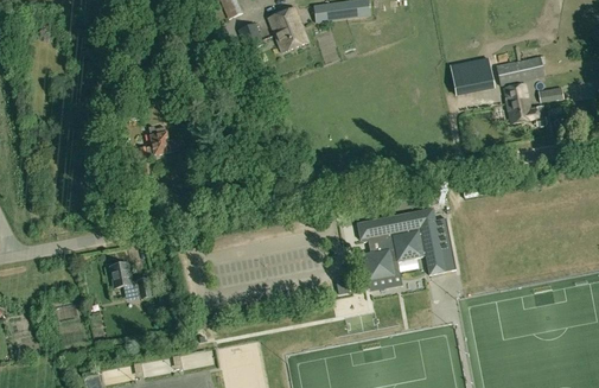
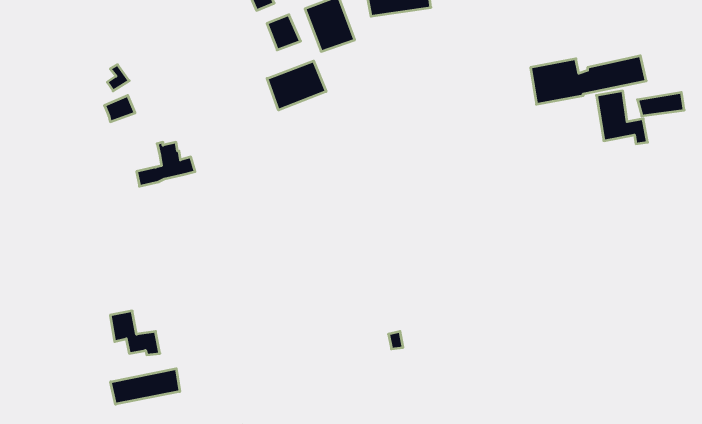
building: none -> [267,61,326,110]
building: [356,208,454,279] -> none
building: none -> [111,369,180,404]

